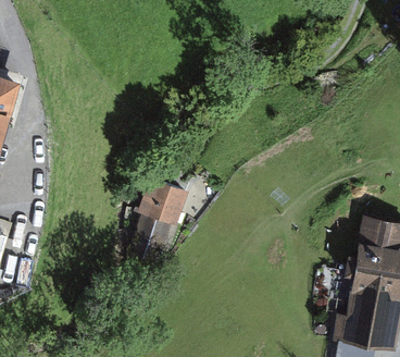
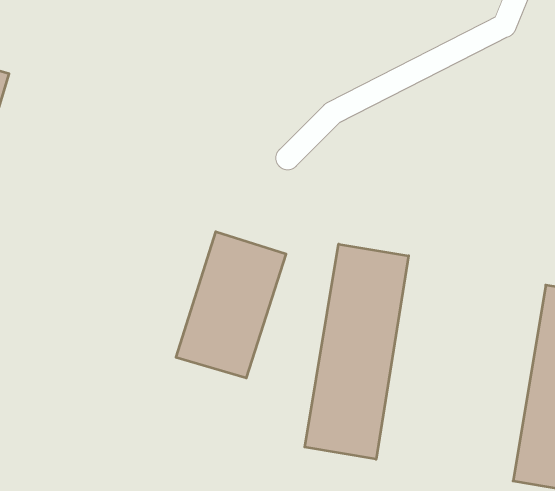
building: none -> [305,244,409,459]

